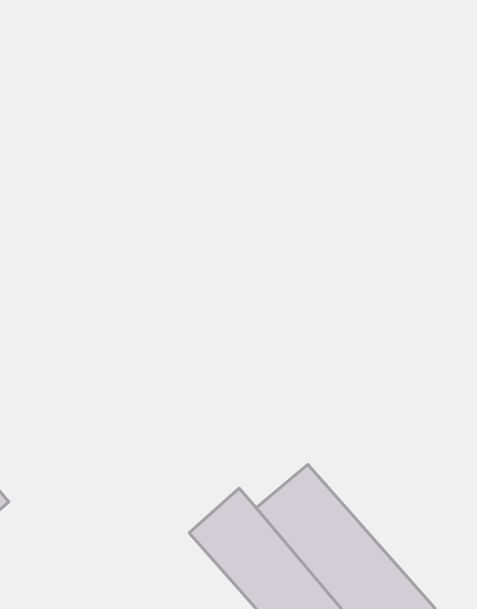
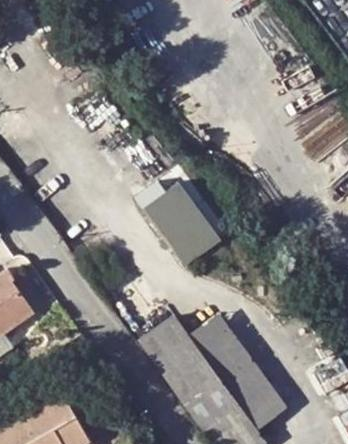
building: none -> [142,174,229,264]

